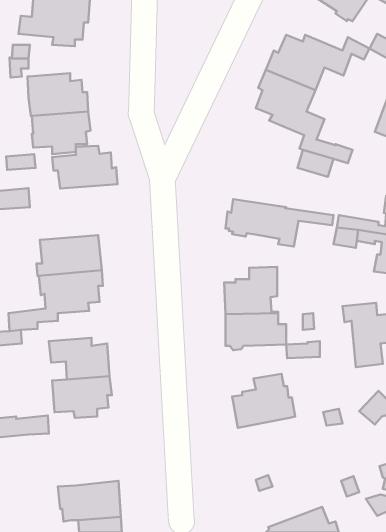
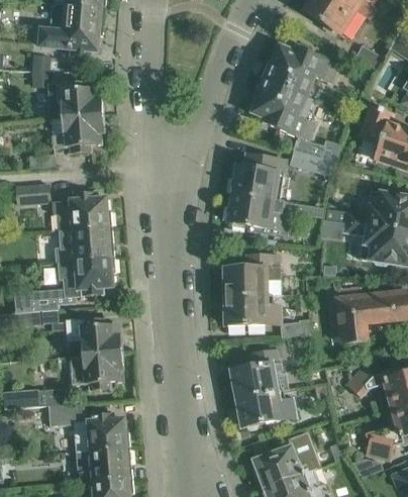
building: [52,146,117,189] -> [53,192,111,230]
building: none -> [229,154,286,201]
building: none -> [236,390,295,429]
building: none -> [48,403,129,452]
building: none -> [249,430,321,488]

